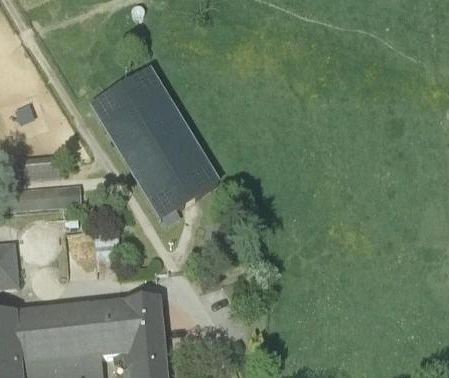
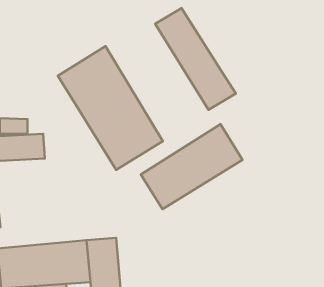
building: none -> [155,8,236,110]
building: none -> [141,124,243,209]

